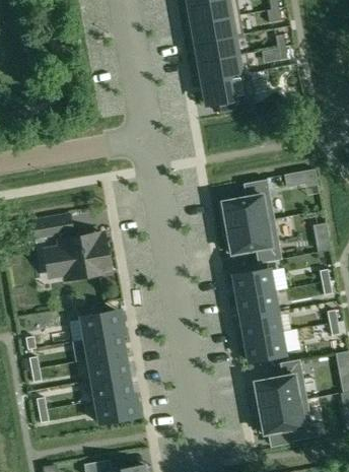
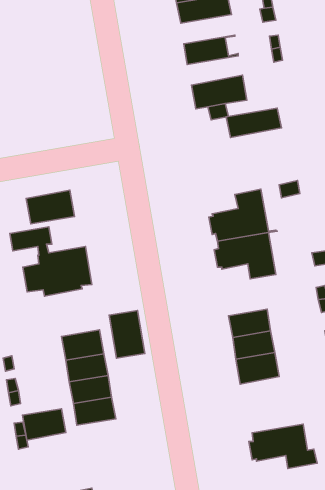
building: [193,16,243,44] -> none
building: [199,55,251,82] -> [226,108,282,137]
building: none -> [26,190,75,224]
building: [233,270,274,298] -> none
building: none -> [109,310,145,358]
building: [251,359,320,408] -> none
building: [95,395,136,424] -> [23,409,66,440]

